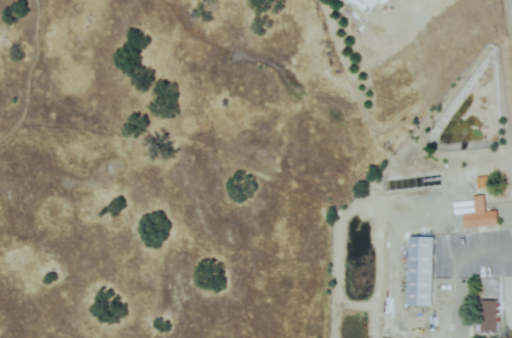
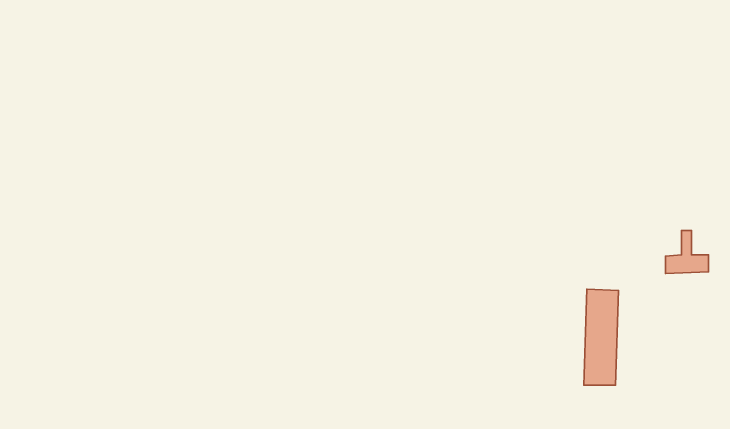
building: [477,293,496,326] -> none

